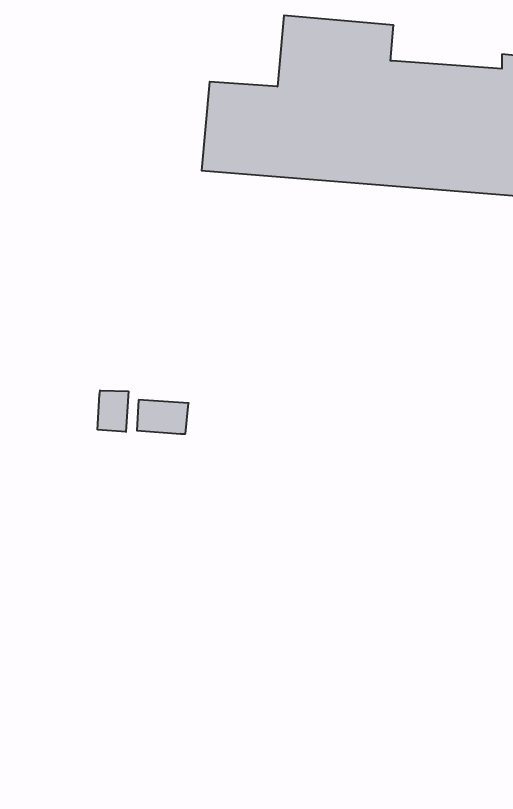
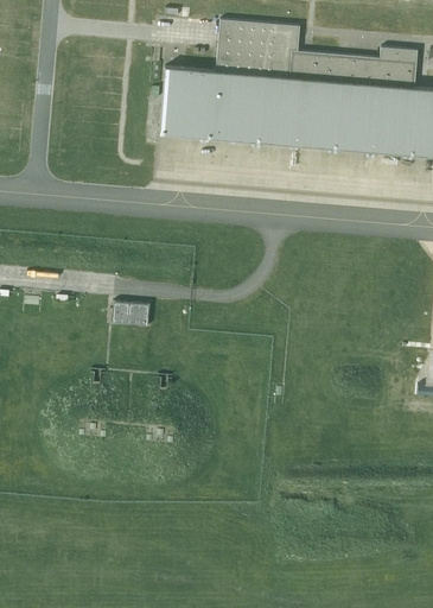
building: [98,390,128,432] -> none

